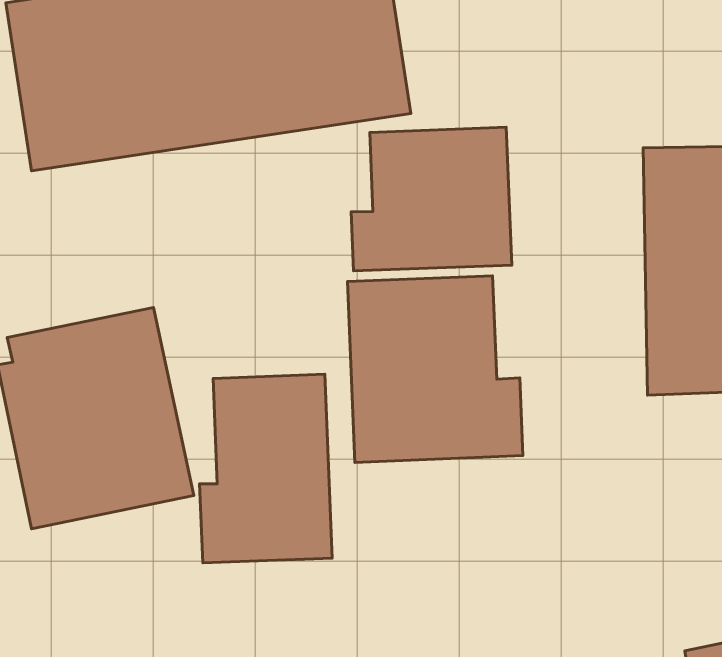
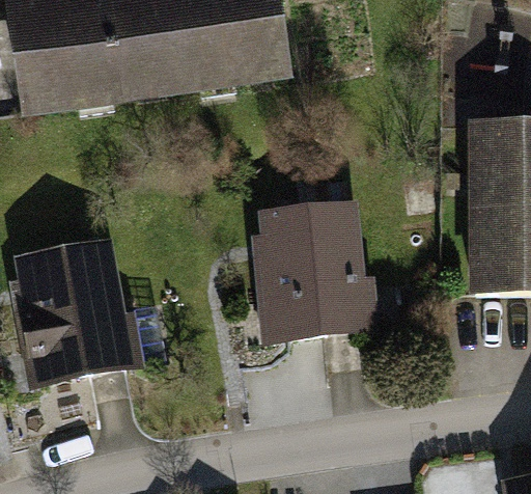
building: [351,127,512,271] -> none
building: [199,374,332,563] -> none

